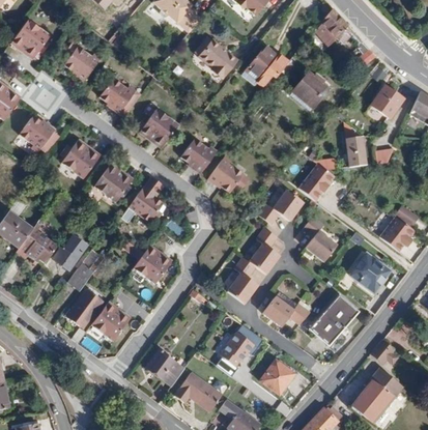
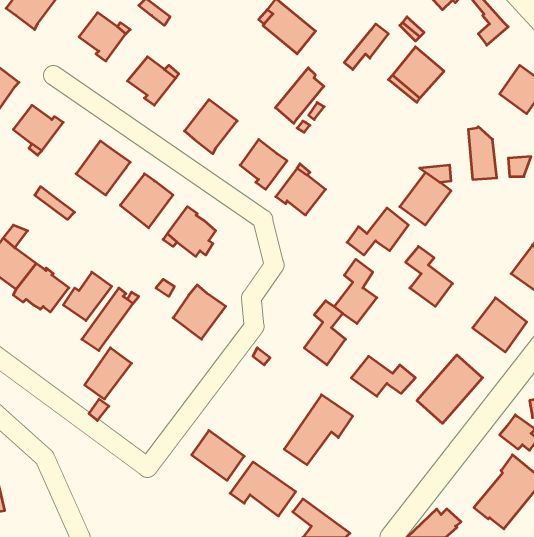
building: [241,46,277,86] -> [275,68,324,123]
building: [91,302,130,340] -> none
building: [259,360,295,396] -> none

